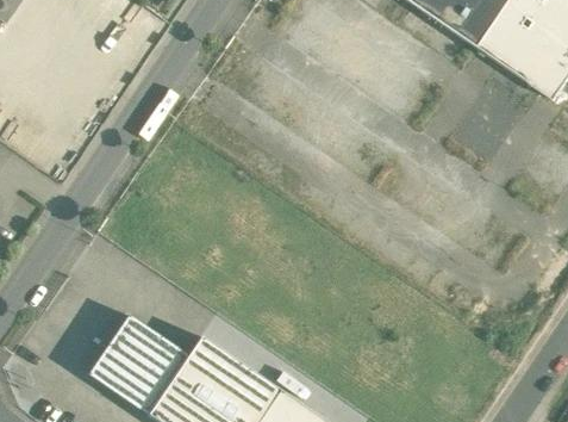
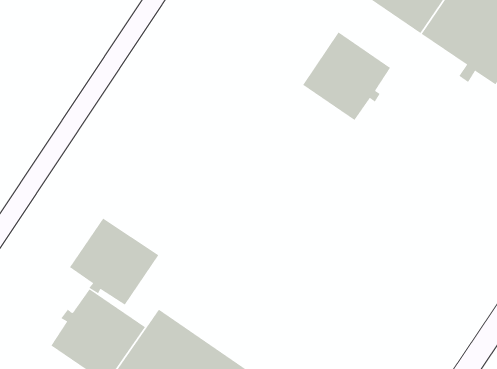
building: none -> [302,32,391,121]
building: none -> [69,217,159,305]

